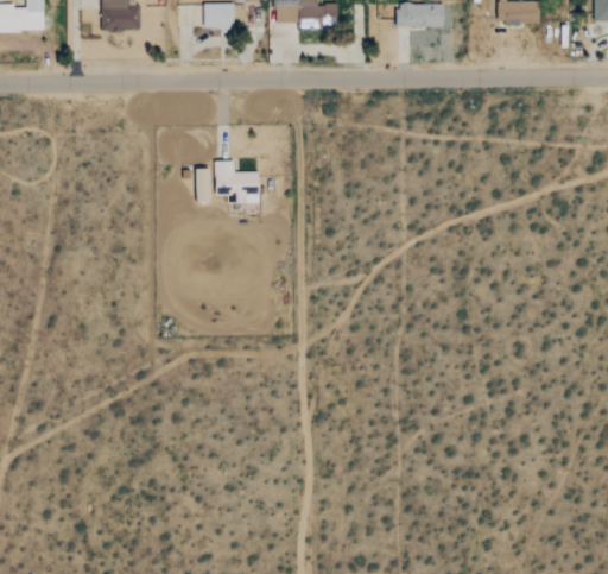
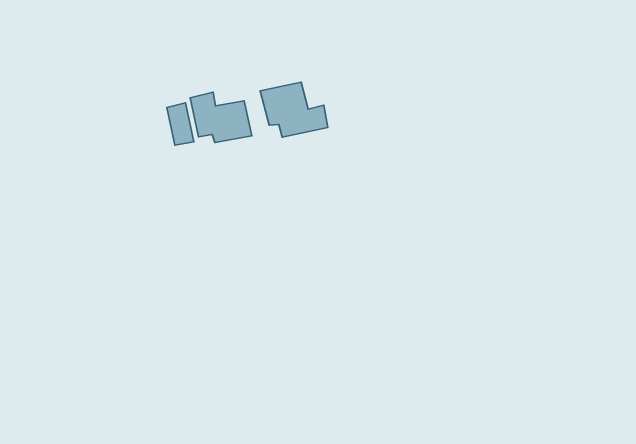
building: none -> [260,82,328,137]

